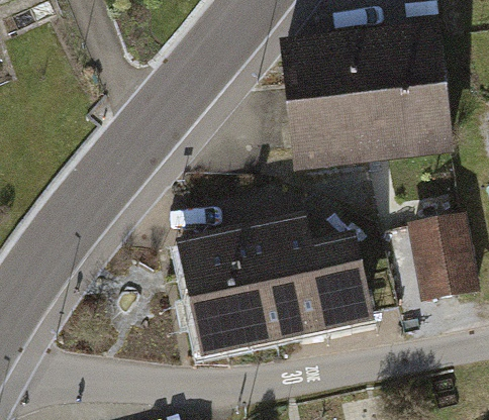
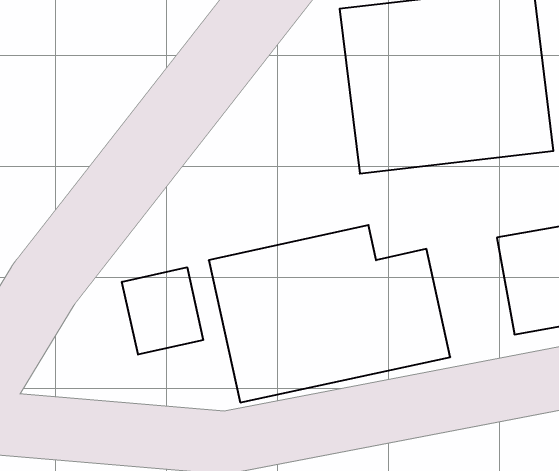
building: none -> [122,267,203,355]

